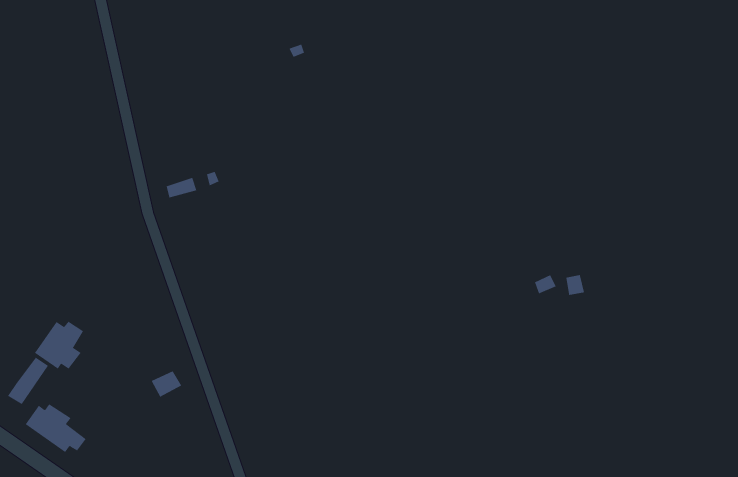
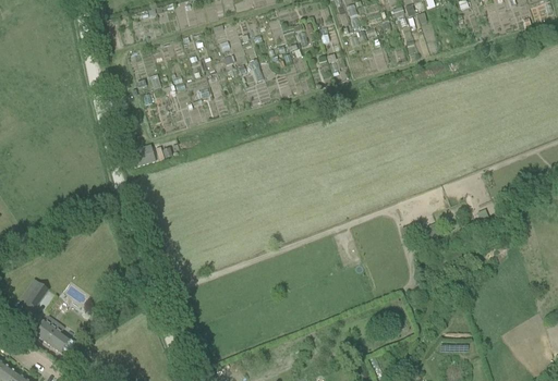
building: [34,321,84,370] -> none

